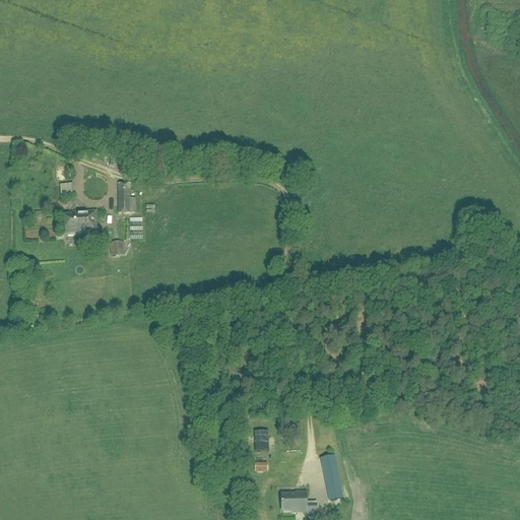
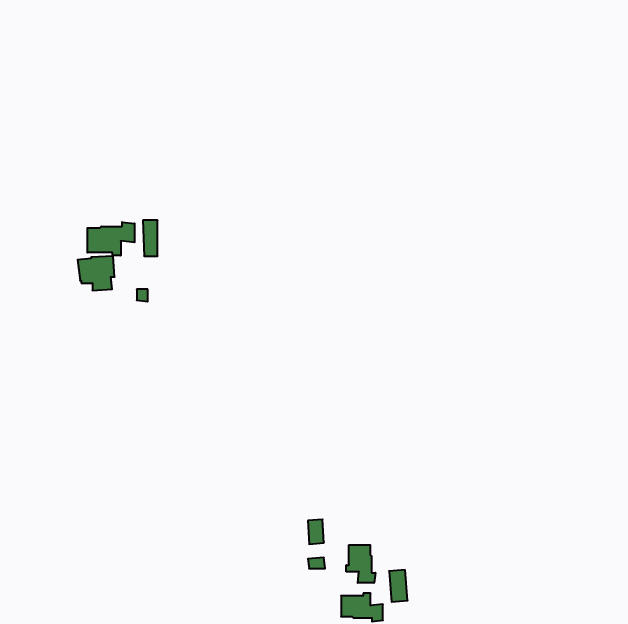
building: none -> [87,222,135,256]
building: none -> [346,545,375,583]

